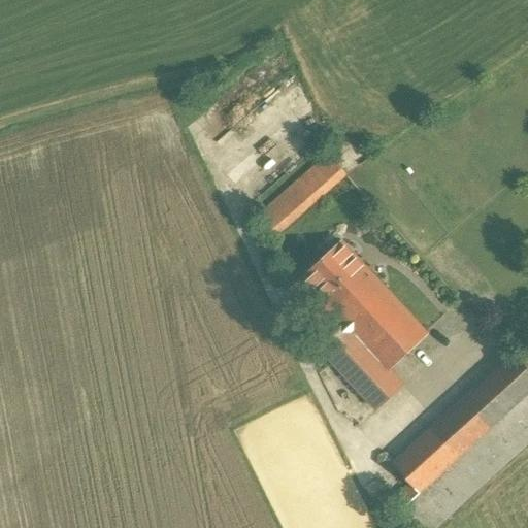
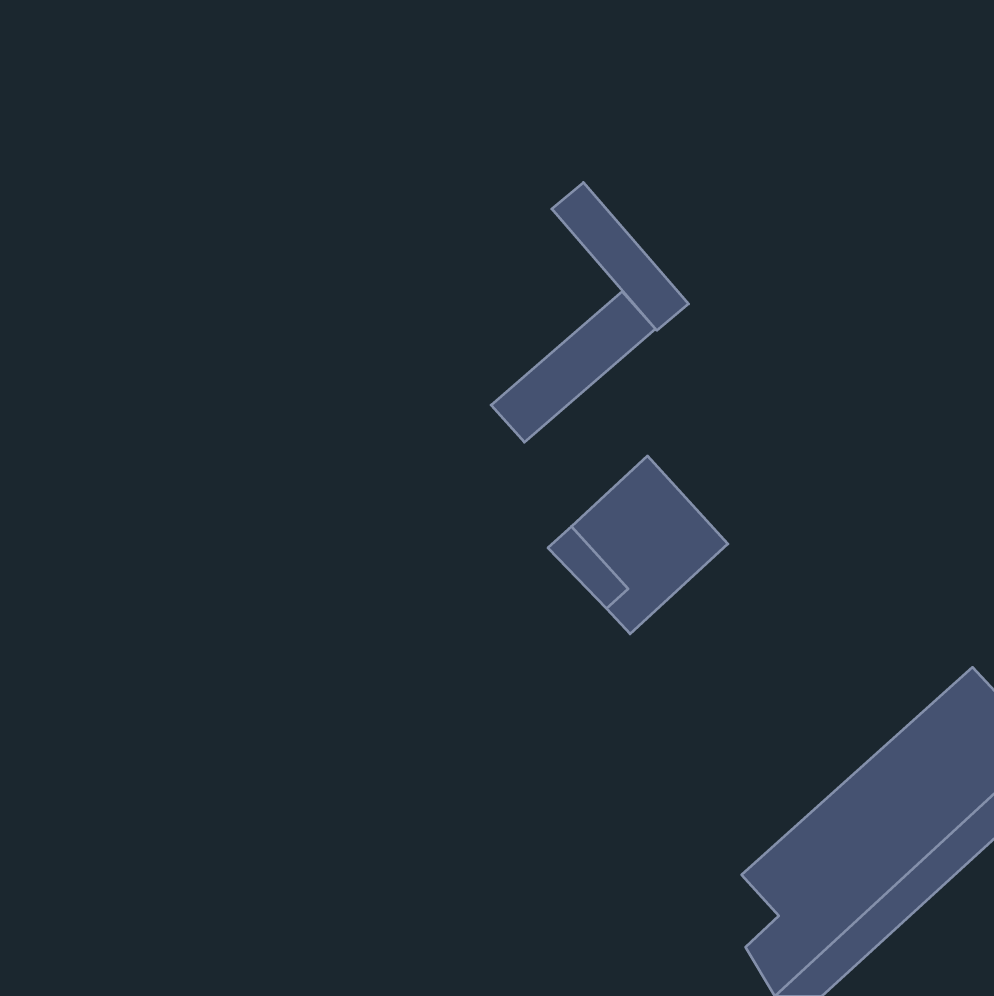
building: none -> [552,182,689,330]
building: [322,287,429,408] -> none

